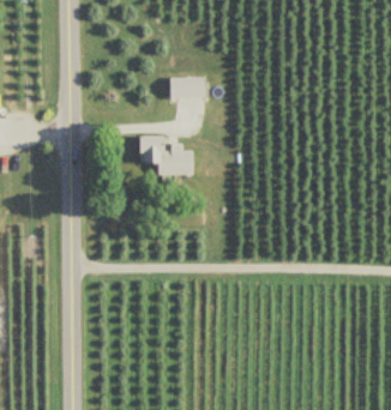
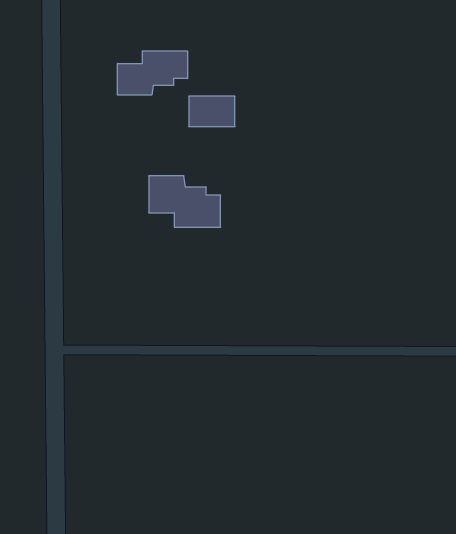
building: none -> [118,51,187,95]

